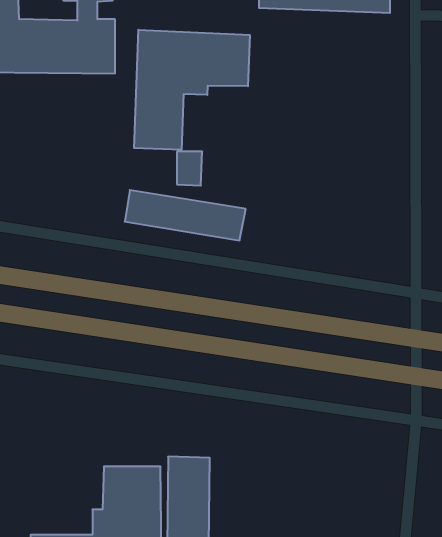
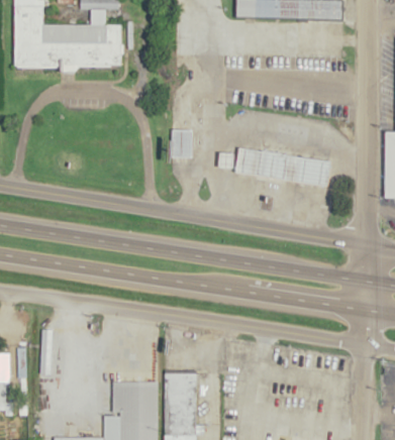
building: [134,30,250,150] -> none
building: [125,190,246,240] -> [235,146,332,187]

